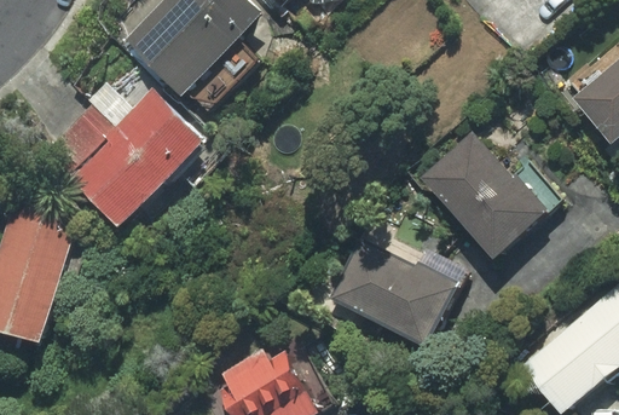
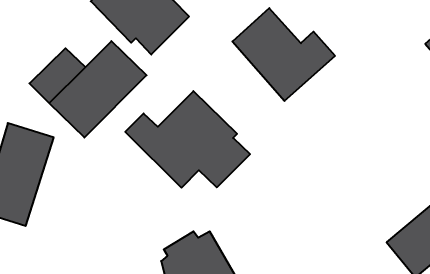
building: [422,133,560,258] -> [232,8,335,101]
building: none -> [125,91,250,188]
building: [331,240,462,345] -> none

